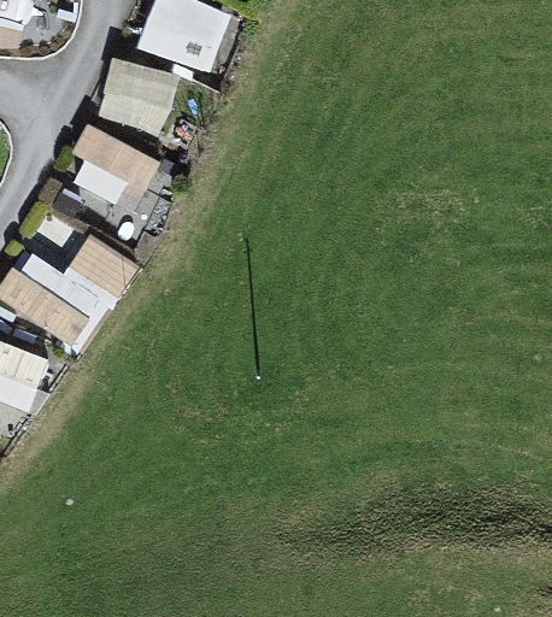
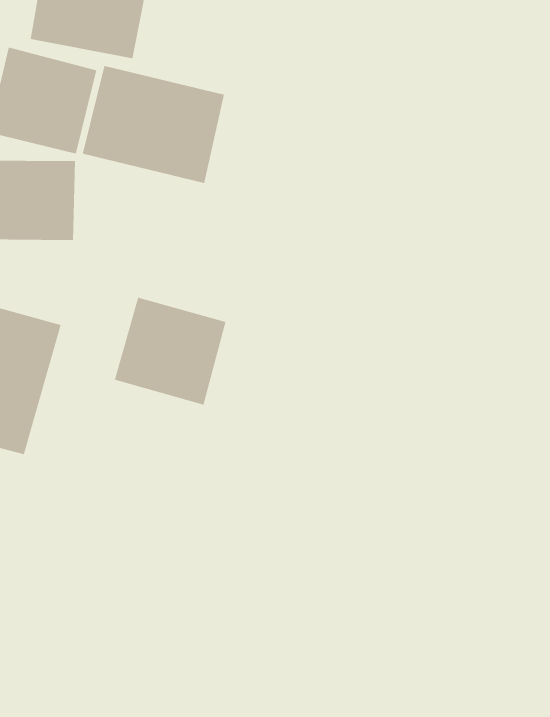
building: none -> [82,65,225,184]
building: none -> [114,297,226,405]

